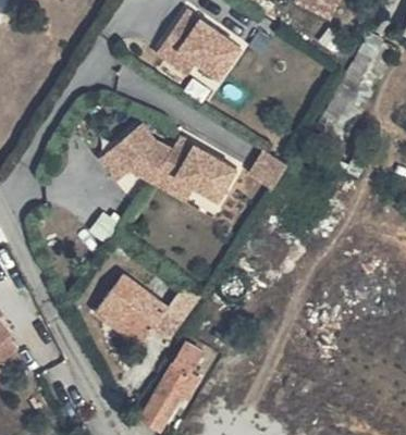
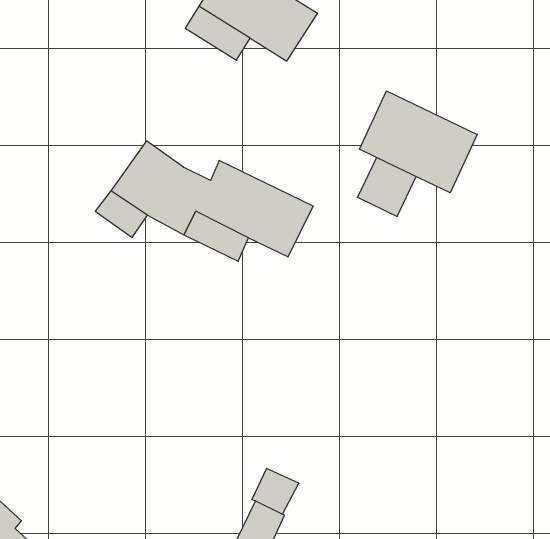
building: none -> [359,91,477,193]
building: [98,265,185,341] -> none

